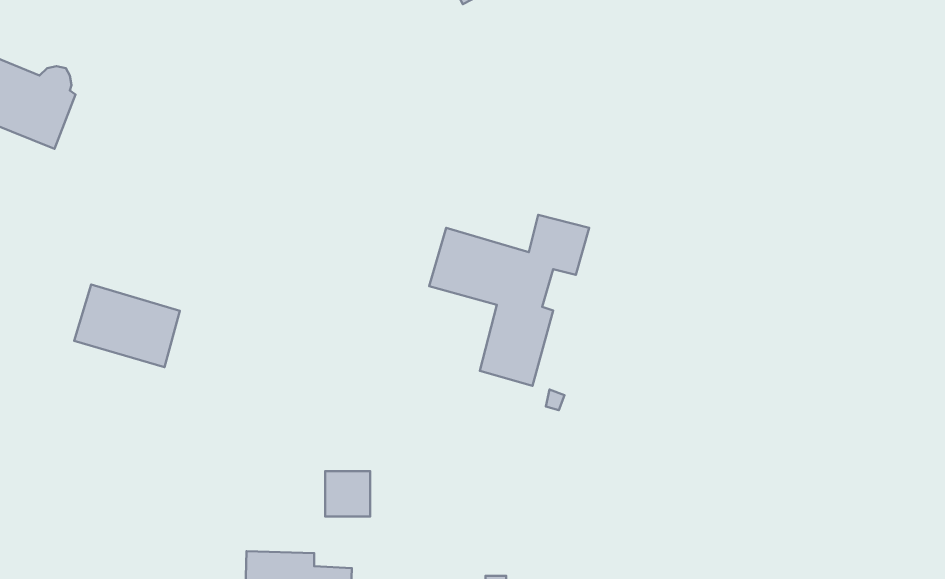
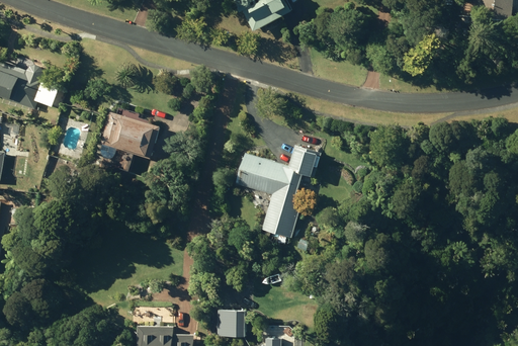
building: [74,284,180,367] -> [101,112,158,157]
building: [325,471,370,516] -> [219,311,243,335]

